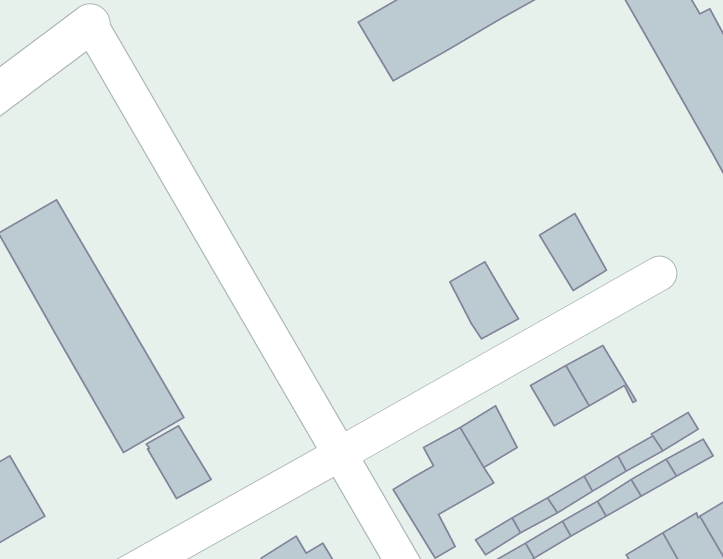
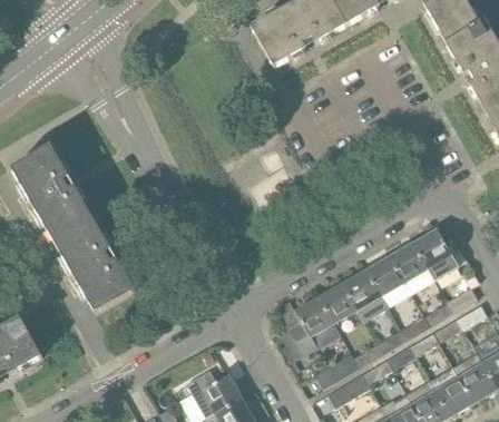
building: [540,213,607,290] -> [413,227,458,278]
building: [450,262,518,339] -> [342,268,388,320]
building: [146,426,211,498] -> none

